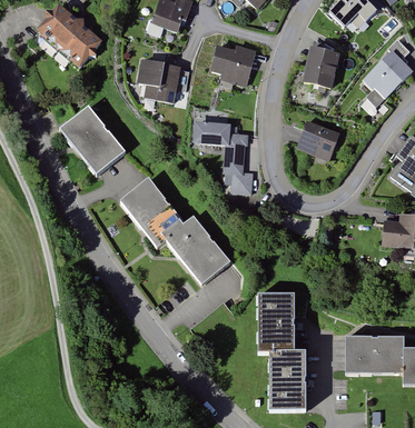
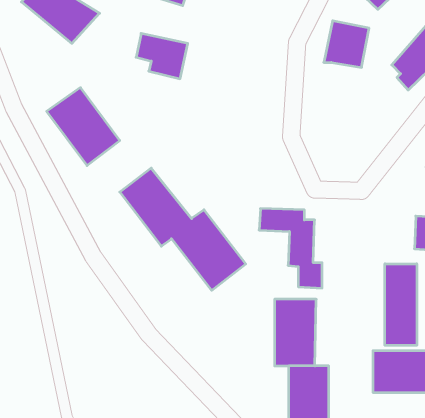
building: [208,44,256,86] -> none
building: [198,120,254,190] -> [259,209,322,288]
building: [296,120,340,162] -> none
building: none -> [385,264,417,345]

